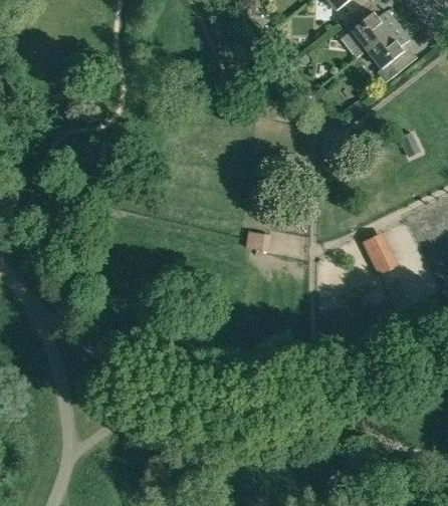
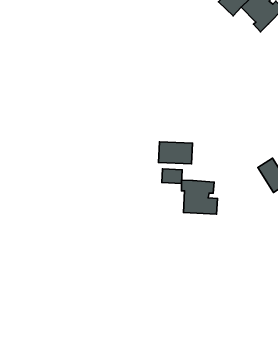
building: none -> [159,142,192,164]
building: none -> [181,180,218,214]

